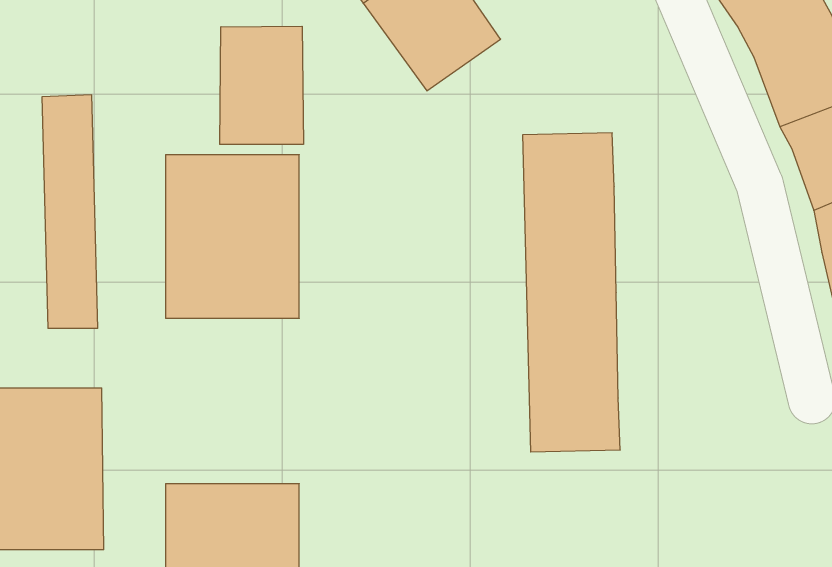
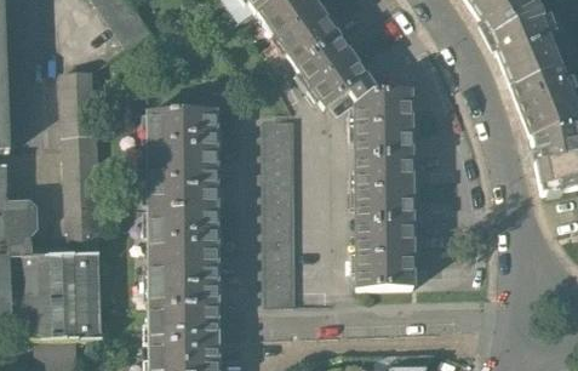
building: [220,26,303,144] -> none
building: none -> [297,34,371,108]
building: none -> [262,97,299,299]
building: none -> [138,204,219,304]

